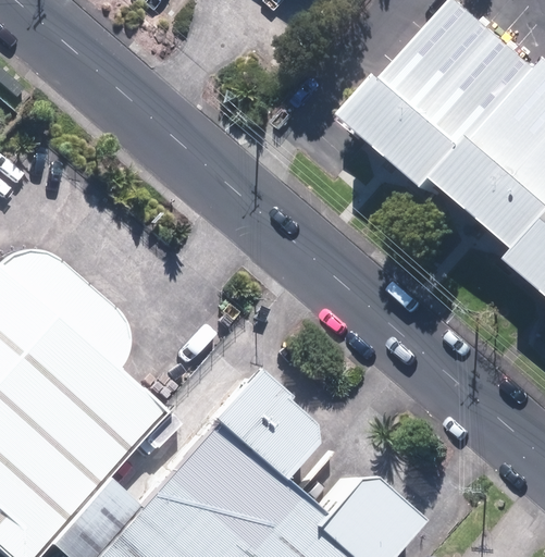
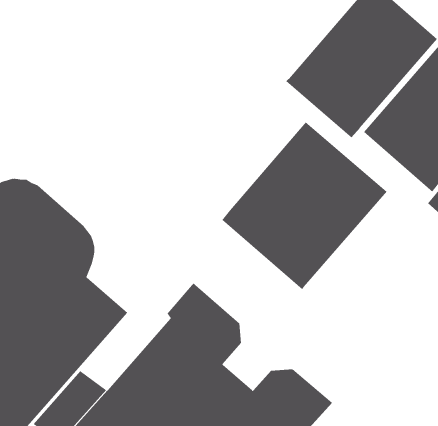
building: none -> [221,121,388,290]

